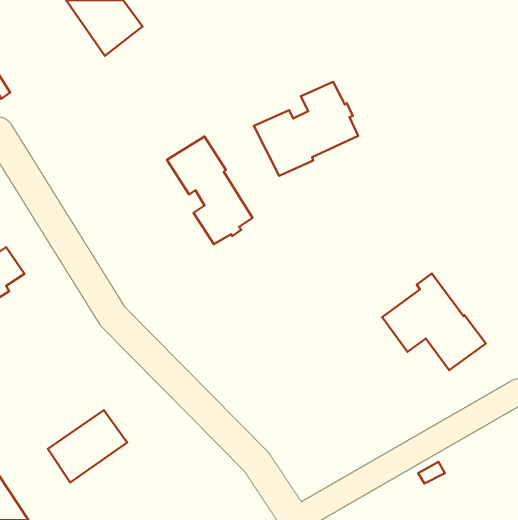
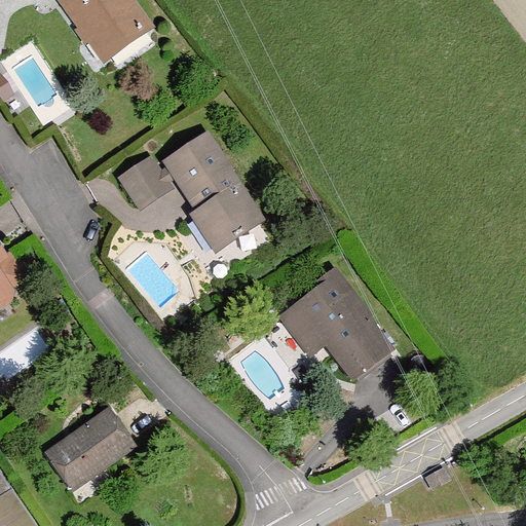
building: [254,82,358,176] -> none
building: none -> [121,160,167,205]
building: [382,273,486,370] -> [285,274,389,372]

